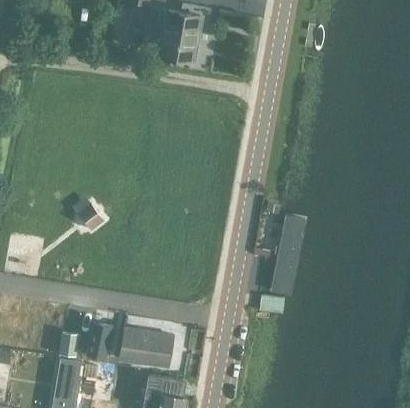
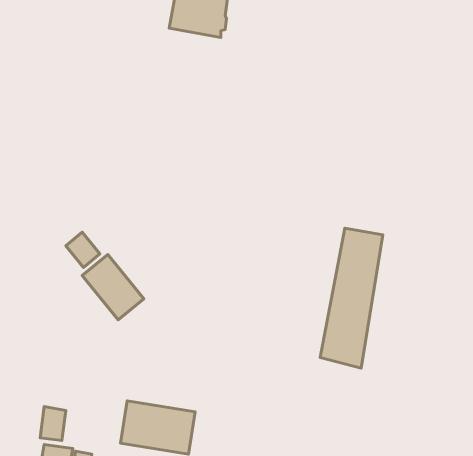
building: none -> [82,255,144,320]
building: [86,323,113,359] -> none

